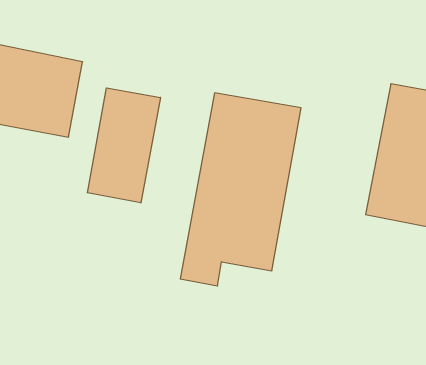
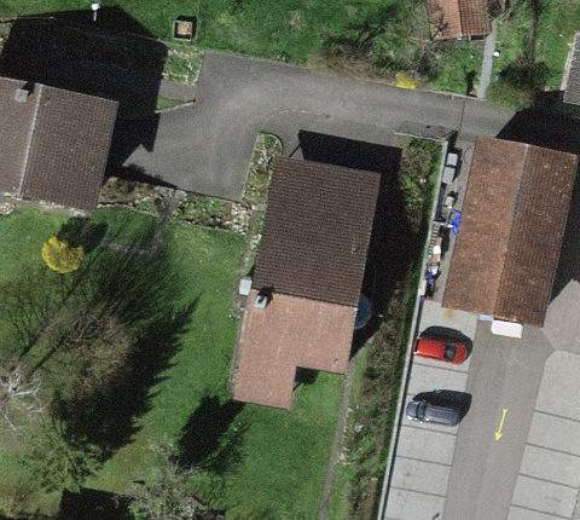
building: [87,88,160,203] -> none

